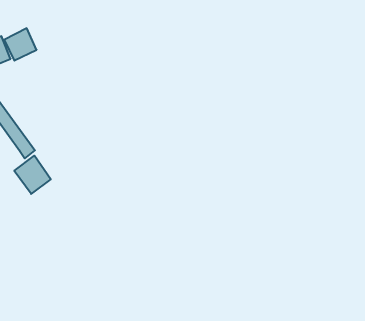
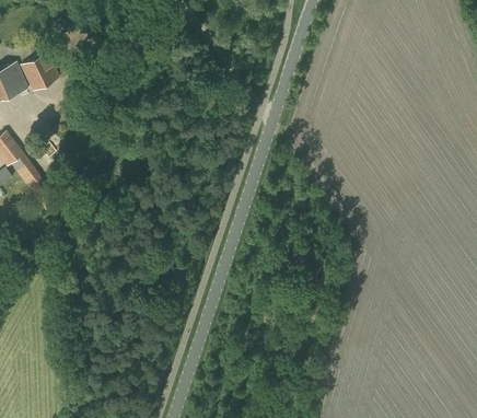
building: [14,156,51,194] -> none

